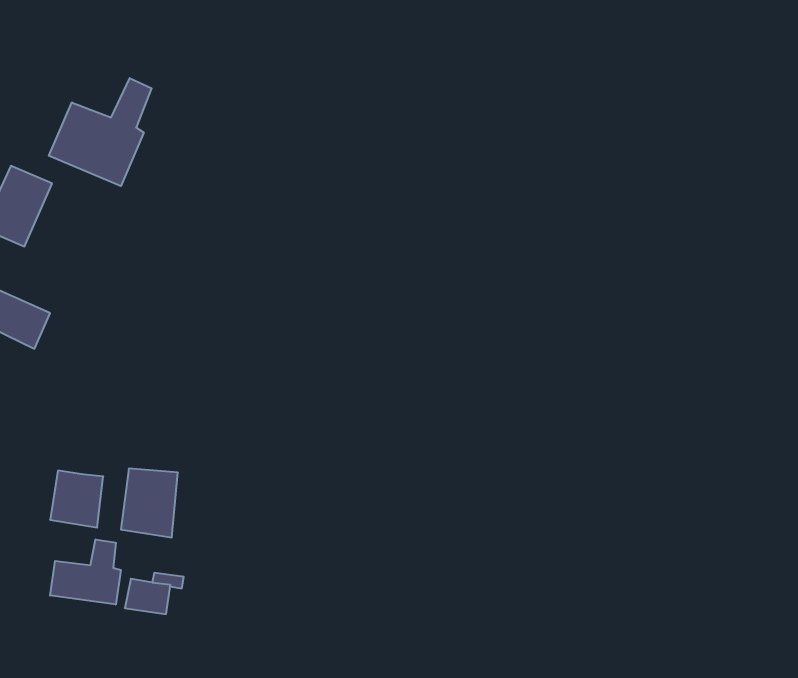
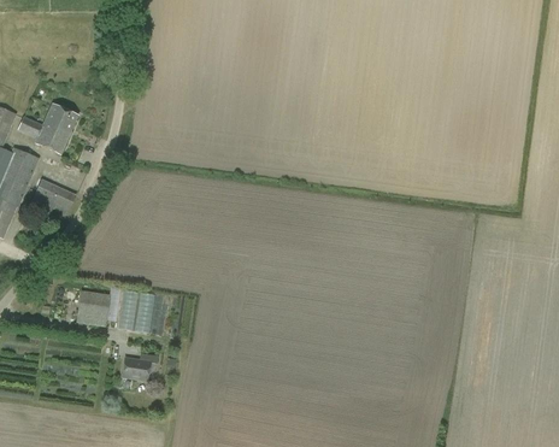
building: [49,78,152,186] -> none
building: [50,539,121,605] -> none

